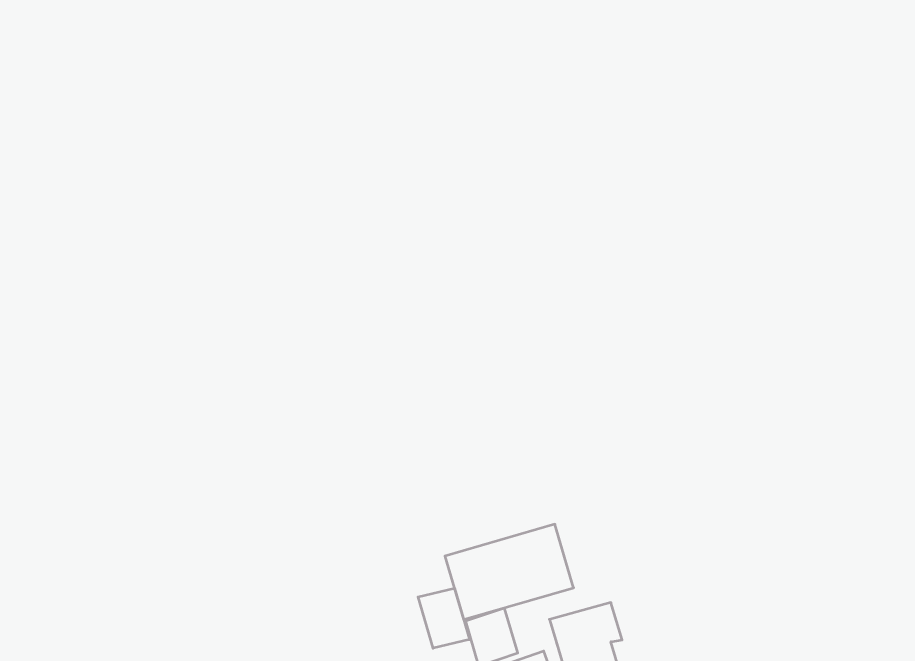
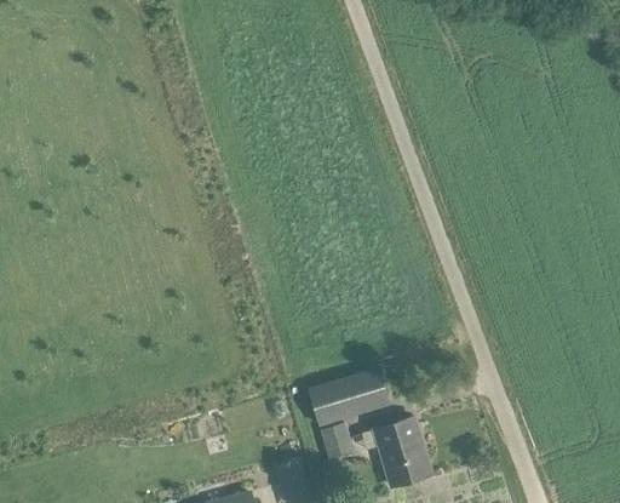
building: [418,588,469,648] -> none

